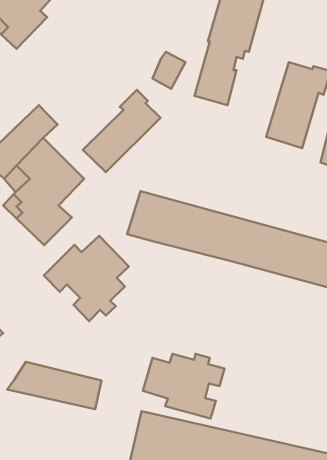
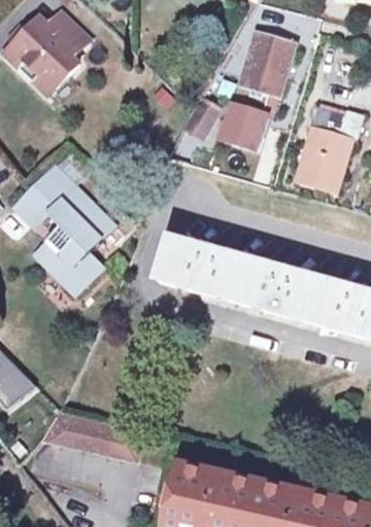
building: [83,90,160,172] -> none
building: [44,236,129,321] -> none
building: [143,354,225,419] -> none

